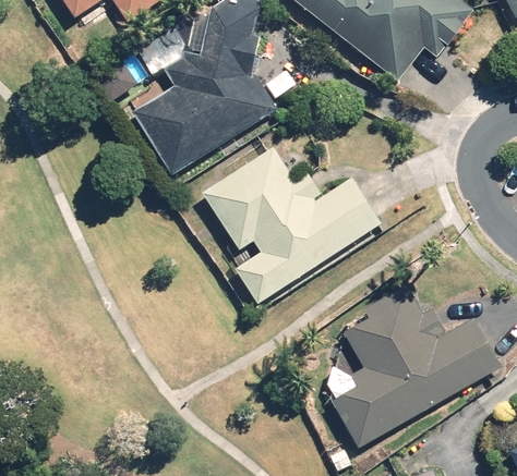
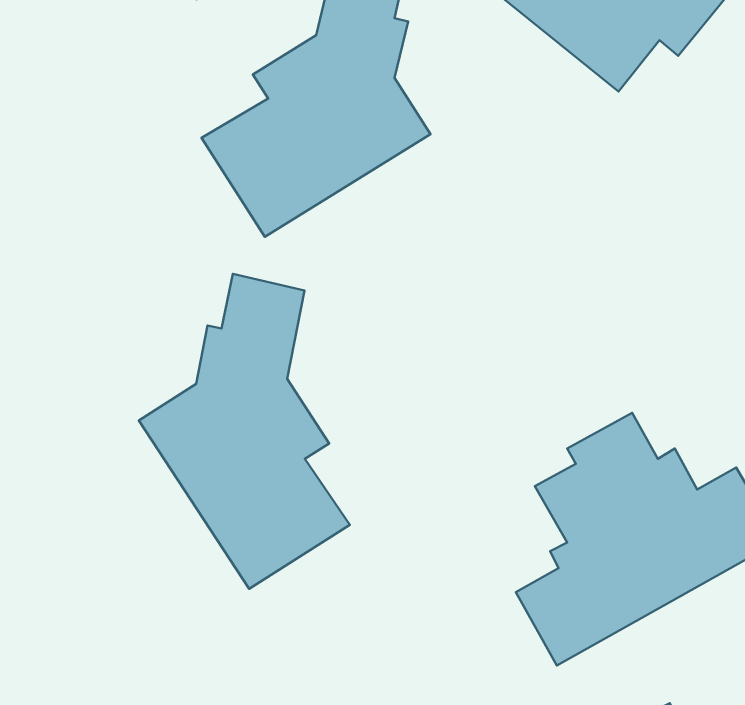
building: [202,146,381,303] -> none
building: none -> [139,274,350,589]

